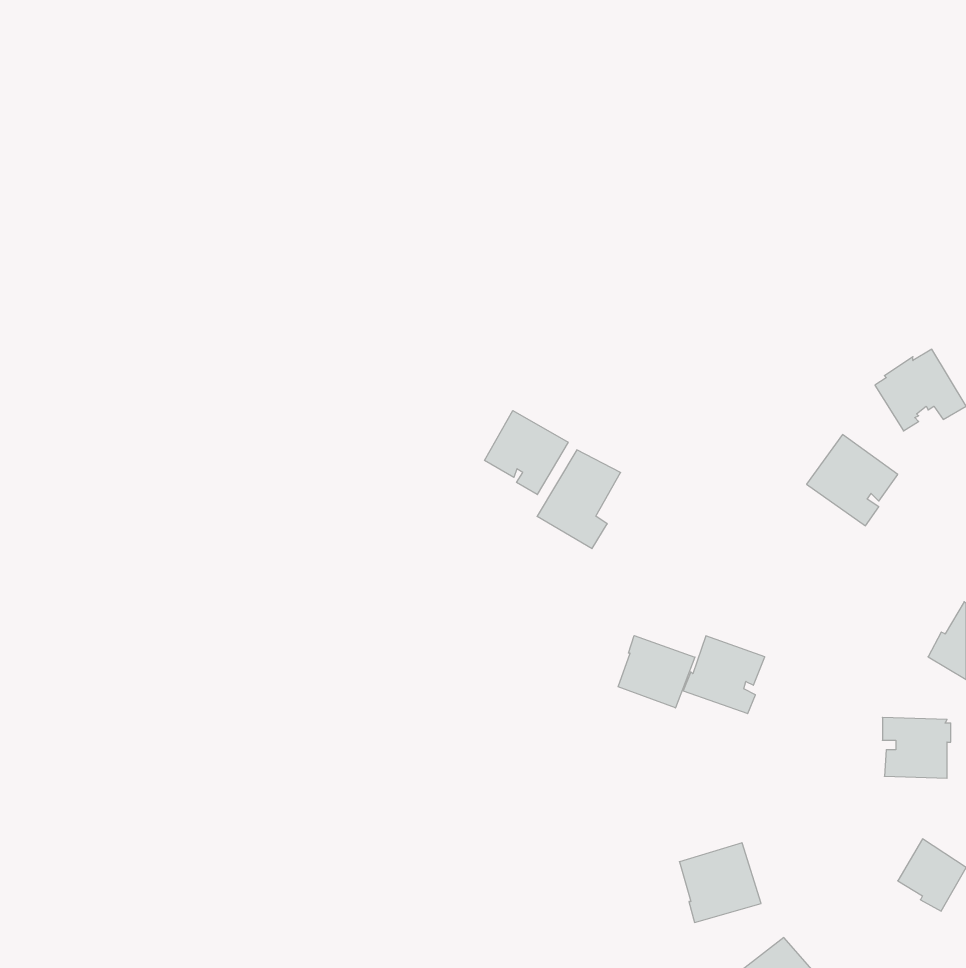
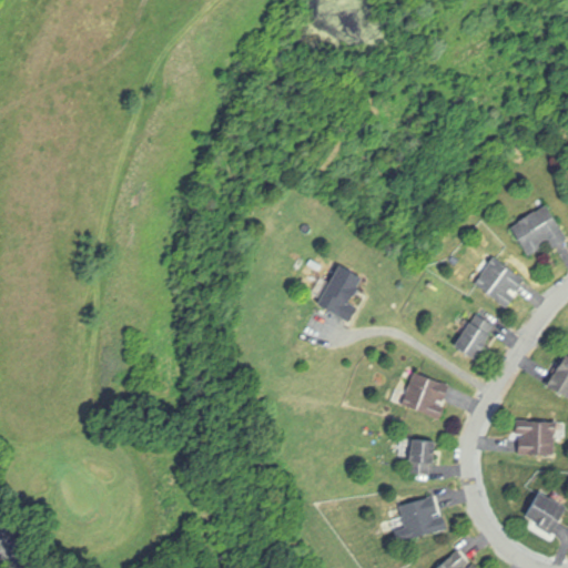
building: [485,411,568,495] -> none
building: none -> [452,314,494,358]
building: [618,636,695,708] -> none
building: none -> [407,438,434,474]

